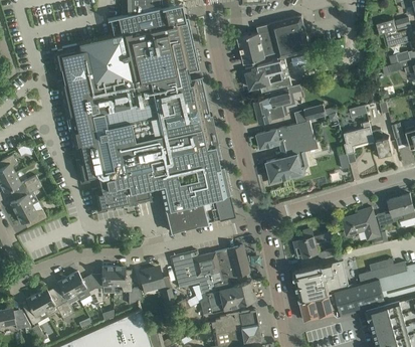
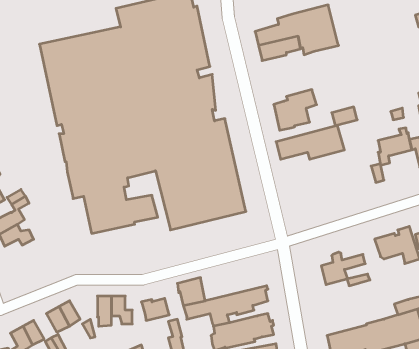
building: [245,60,286,93] -> none
building: [266,141,317,184] -> none
building: [165,194,235,232] -> none
building: [191,245,248,272] -> none
building: [293,261,350,302] -> none

